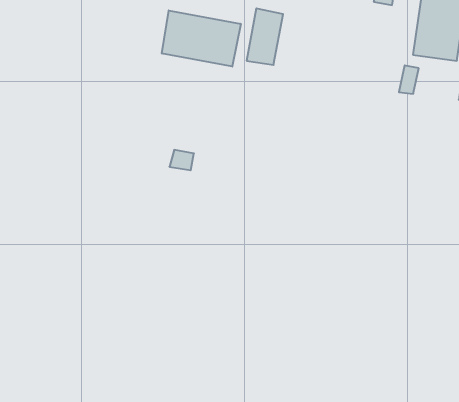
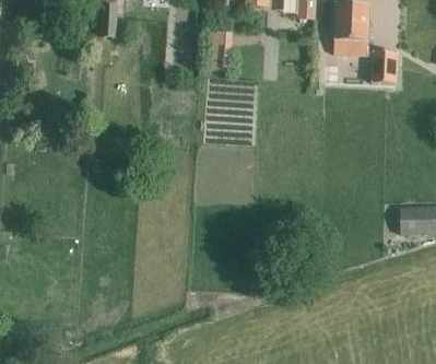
building: [162,10,241,67] -> none

